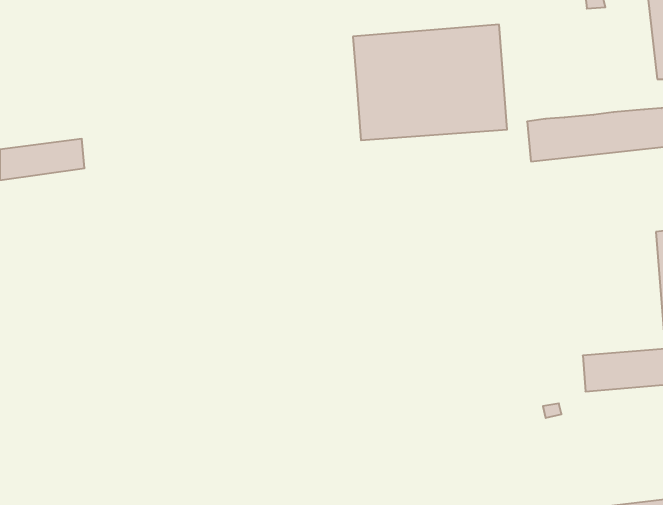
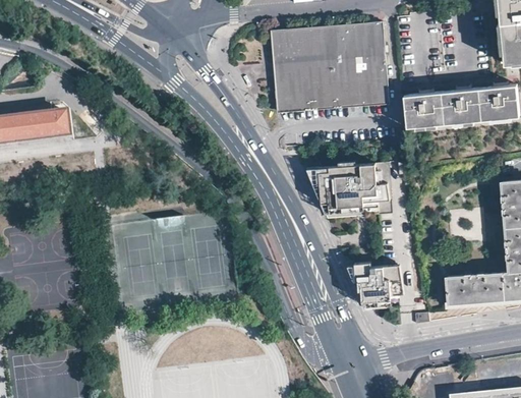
building: none -> [307,162,394,218]
building: none -> [349,265,401,309]

